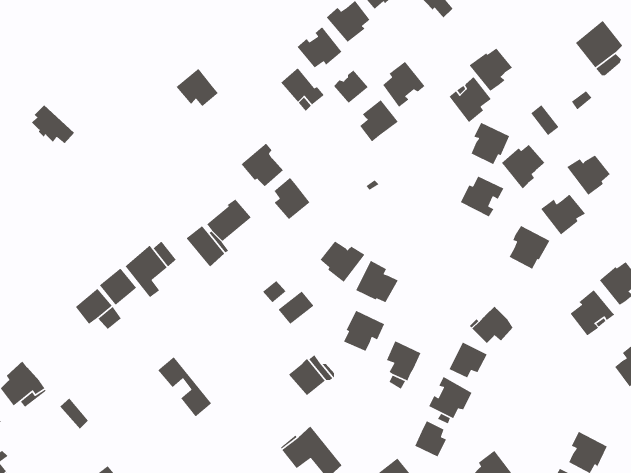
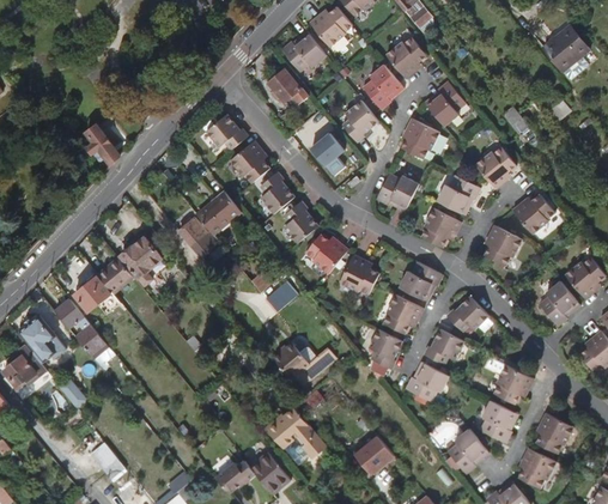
building: [468,47,513,92] -> [384,37,426,79]
building: [175,68,219,107] -> [206,114,247,151]
building: [333,69,369,104] -> [310,133,343,165]
building: [31,105,75,144] -> [79,129,120,166]
building: [470,122,510,165] -> [401,116,438,157]
building: [566,154,611,196] -> none
building: none -> [378,170,419,207]
building: none -> [285,202,318,242]
building: none -> [420,205,461,244]
building: none -> [400,261,442,302]
building: [343,310,385,352] -> [385,293,425,333]
building: none -> [19,317,66,365]
building: [157,356,212,417] -> [54,299,105,357]
building: none -> [495,365,534,403]
building: none -> [481,401,518,442]
building: [414,420,447,458] -> none

